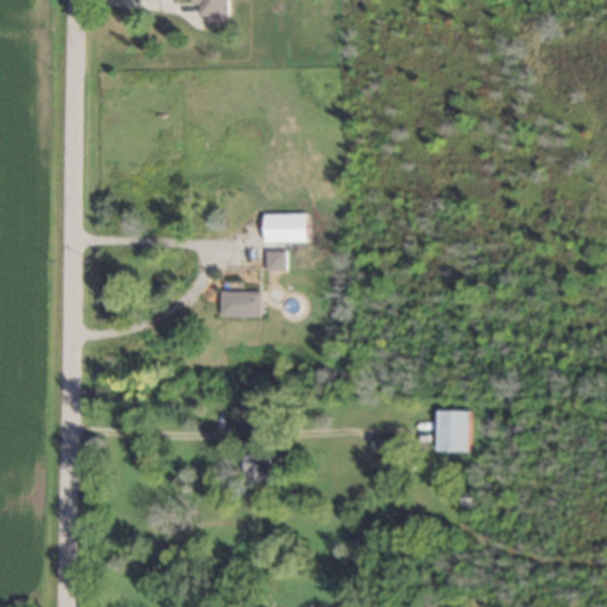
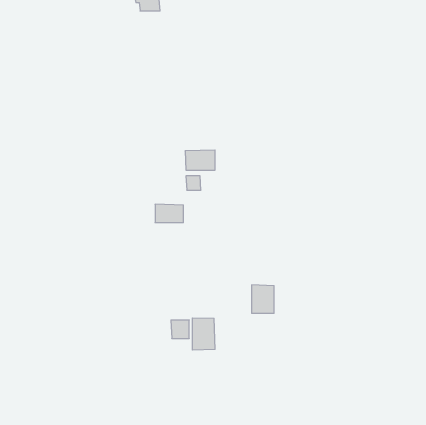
building: [436,410,468,451] -> [252,285,274,313]
building: none -> [193,318,215,350]

